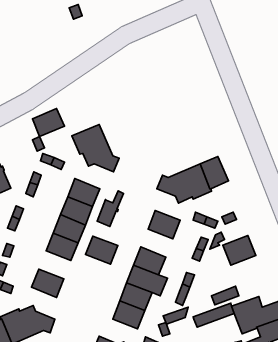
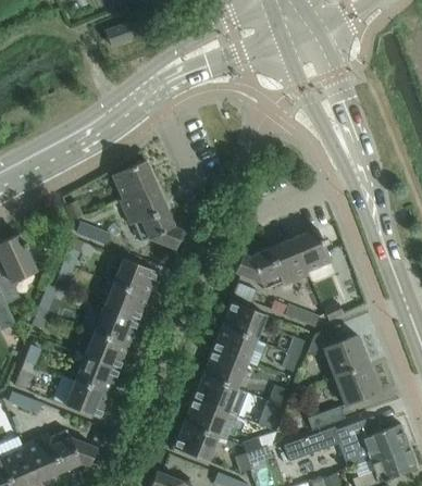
building: [32,108,65,137] -> [113,161,157,199]
building: [97,191,123,226] -> none
building: none -> [213,326,257,364]
building: [86,236,118,264] -> [75,356,119,394]
building: none -> [335,362,380,404]

